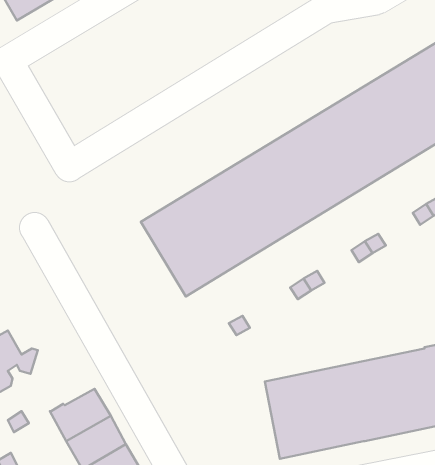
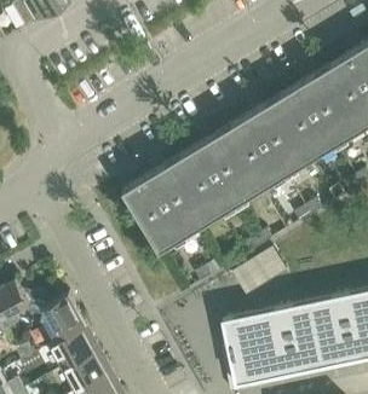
building: none -> [33,297,85,347]

